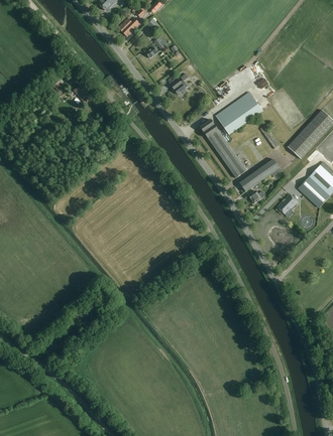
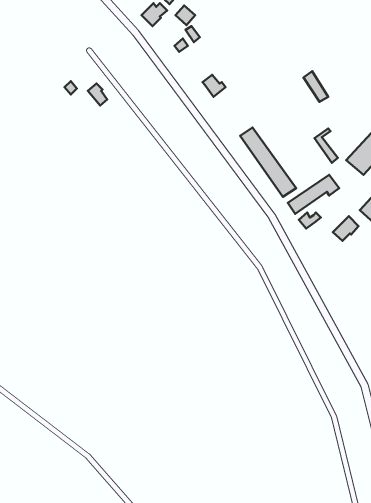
building: [216,91,263,134] -> none

